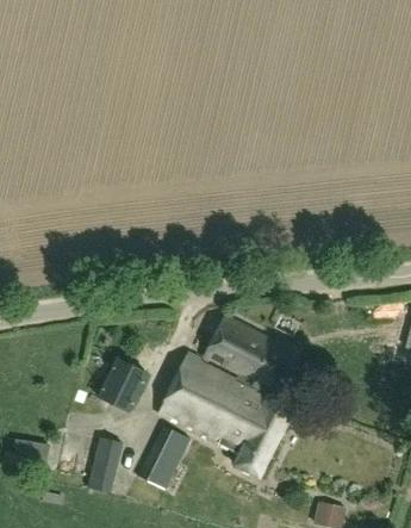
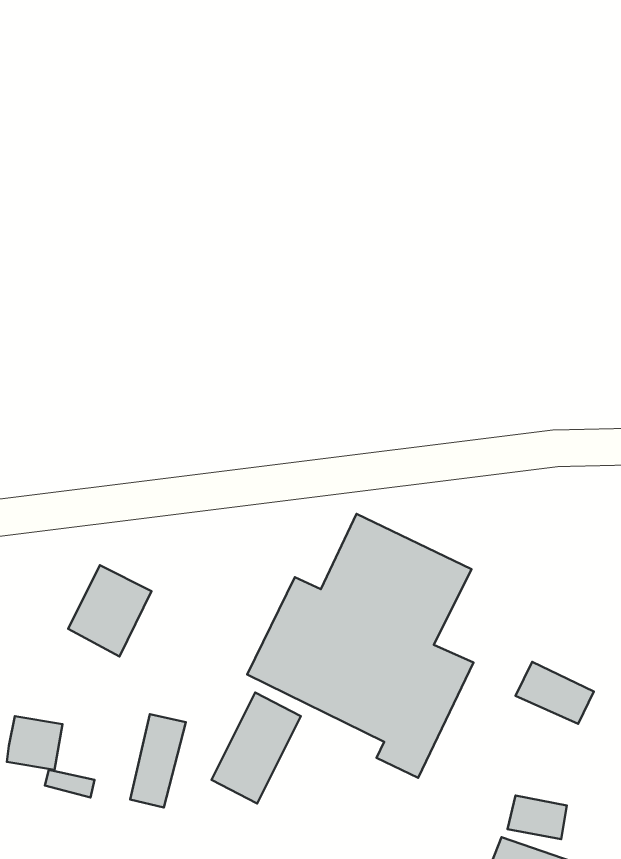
building: [98,356,148,411] -> [68,565,151,657]
building: none -> [515,662,594,724]

